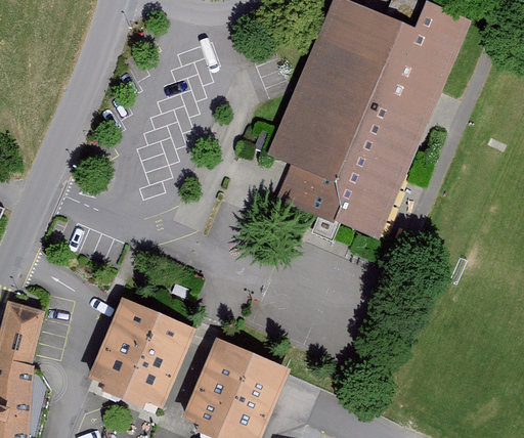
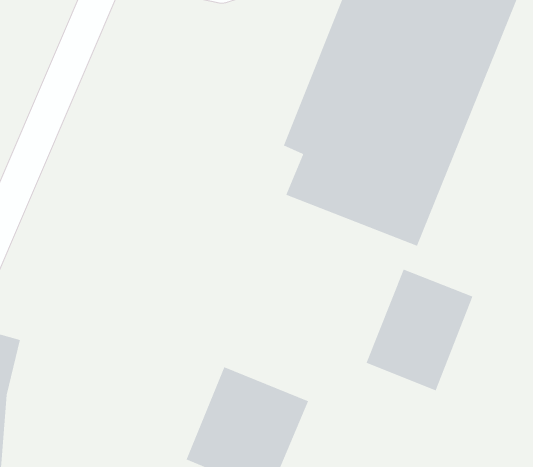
building: none -> [365,269,473,392]
building: [90,300,192,409] -> none

